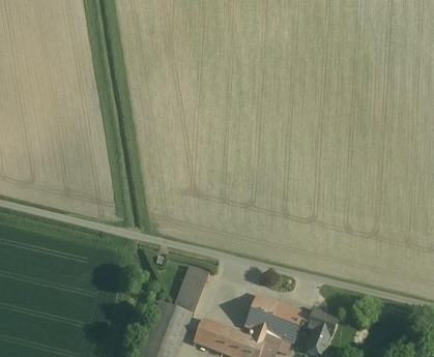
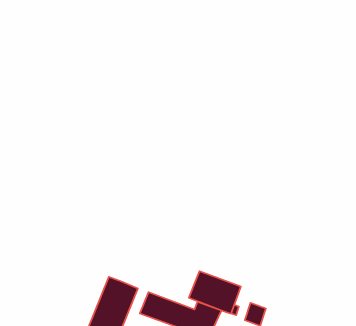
building: [173,266,208,315] -> none
building: [297,309,337,336] -> none

